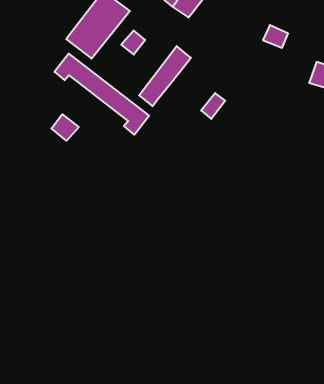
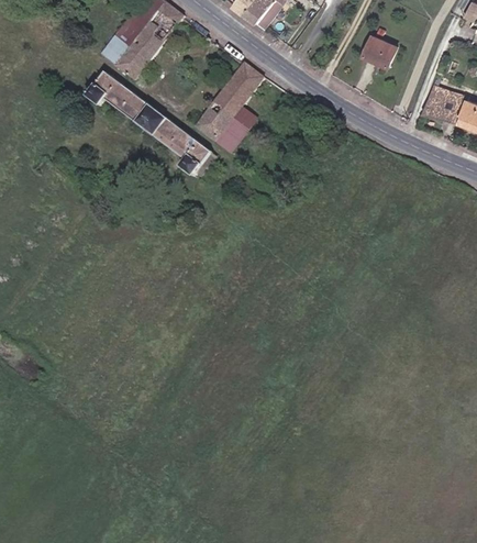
building: [121,30,145,55] -> none
building: [201,93,225,119] -> [223,110,255,144]
building: [51,114,79,141] -> none

